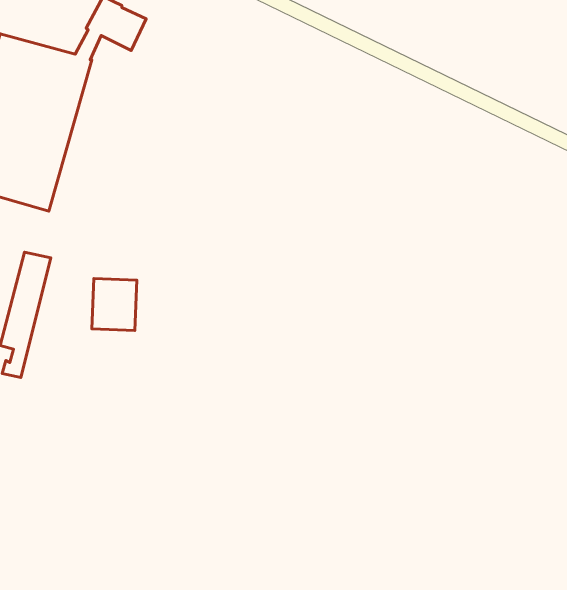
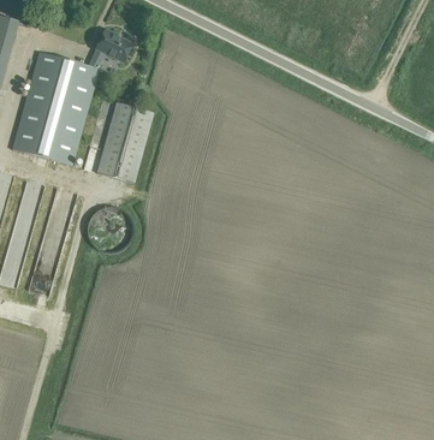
building: none -> [96,101,153,183]

